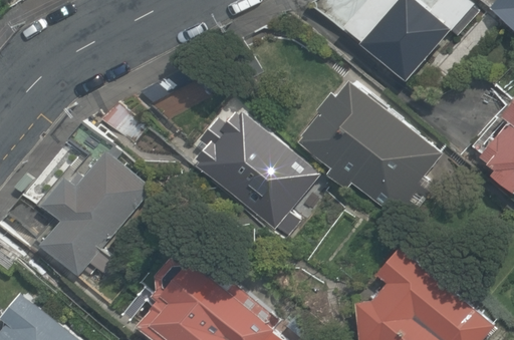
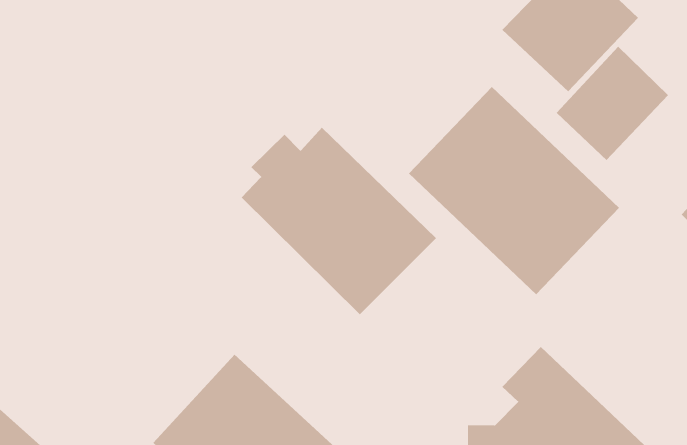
building: none -> [556,46,669,161]
building: [46,152,154,274] -> none

